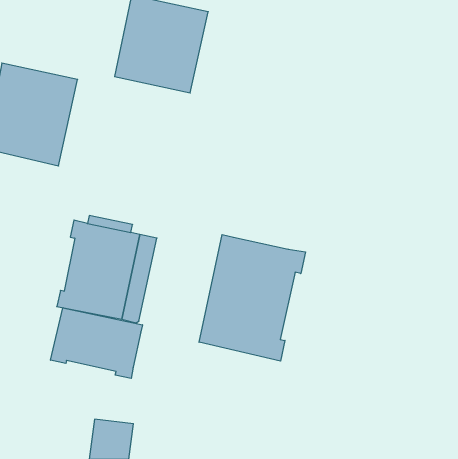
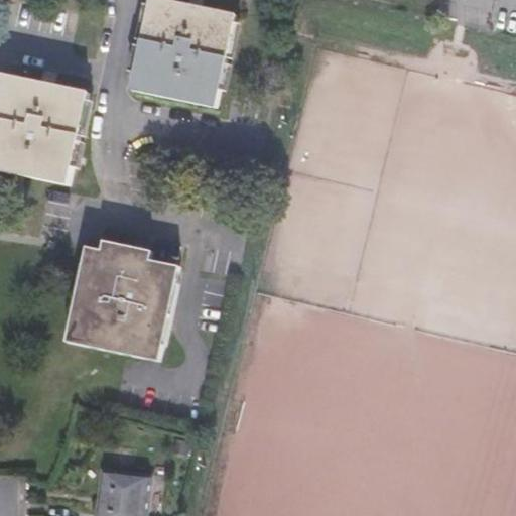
building: [199,235,305,361] -> none
building: [51,308,142,378] -> none

